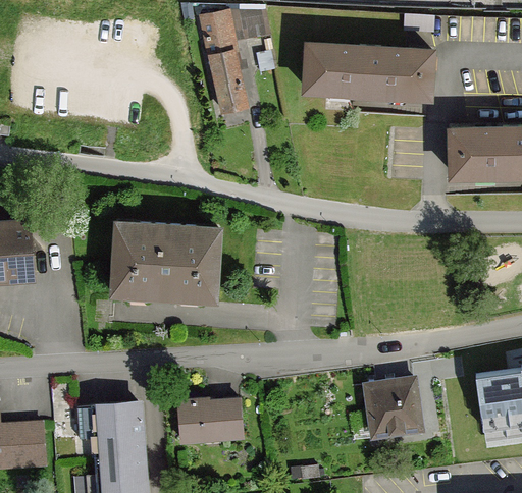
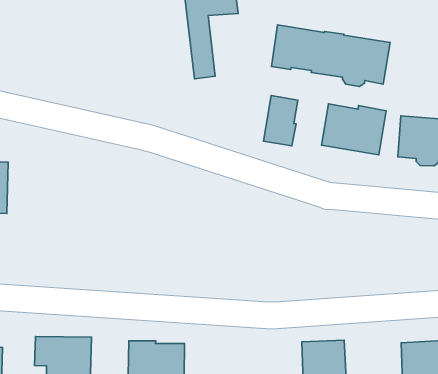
building: none -> [264,96,298,146]
building: none -> [322,104,386,155]
building: [114,223,218,295] -> none

